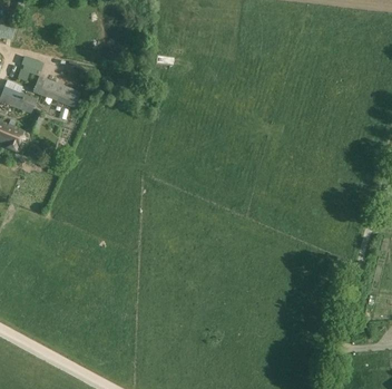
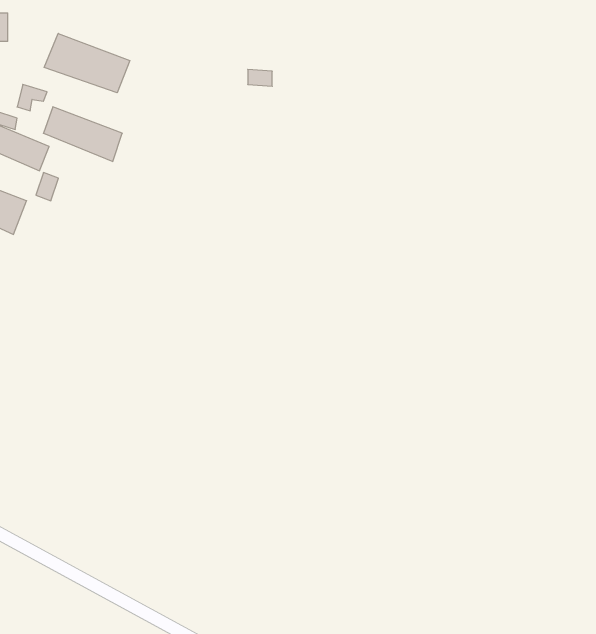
building: none -> [44,33,130,93]

